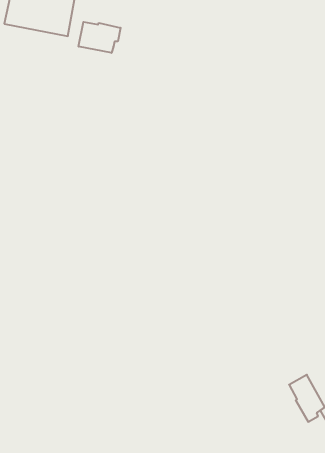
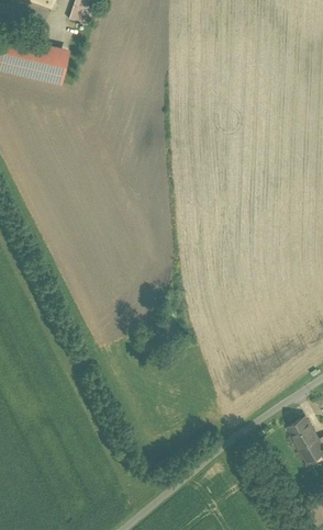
building: [79,22,121,53] -> none

